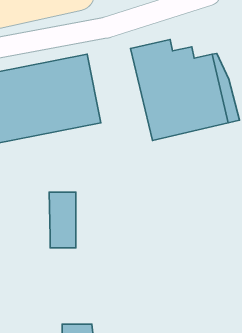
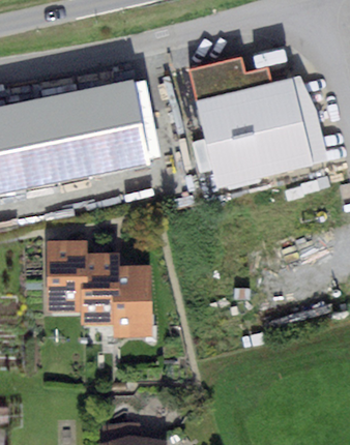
building: none -> [46,242,85,313]
building: none -> [118,268,151,339]

